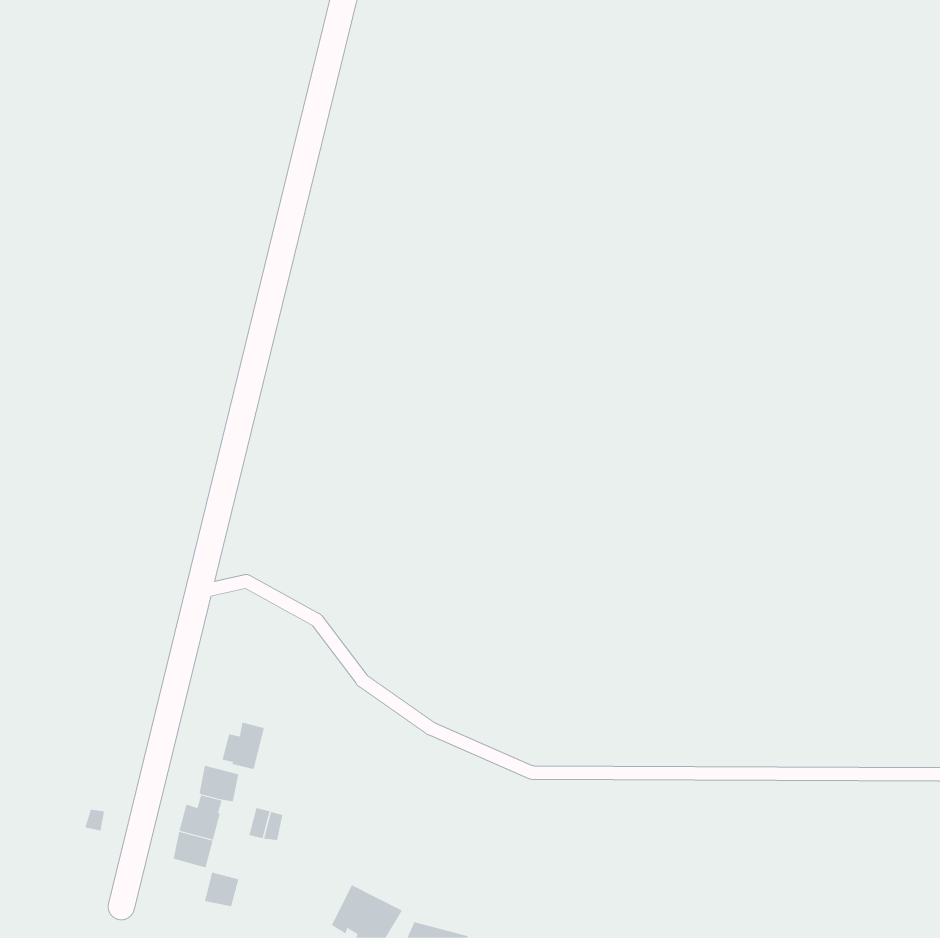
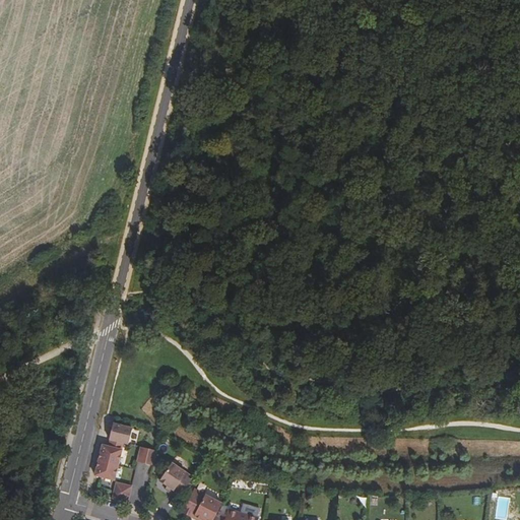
building: [222,722,265,770] -> none
building: none -> [159,462,193,498]

